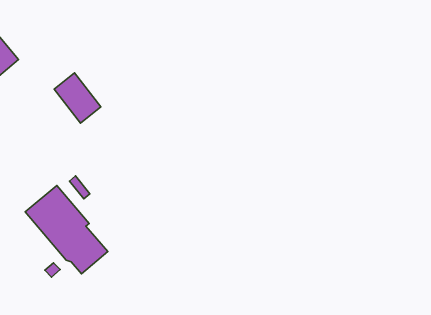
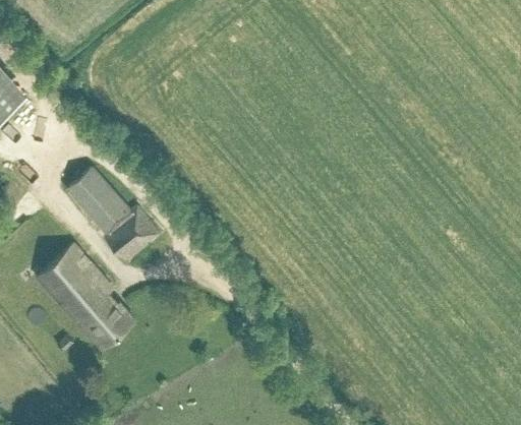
building: [54,73,101,123] -> [67,169,123,229]
building: none -> [104,205,158,260]

